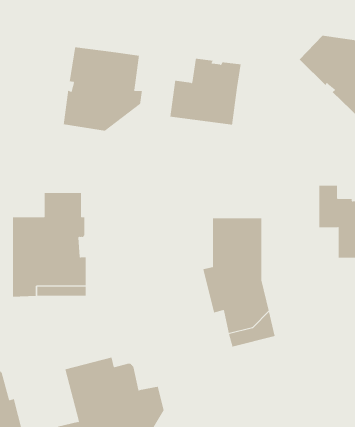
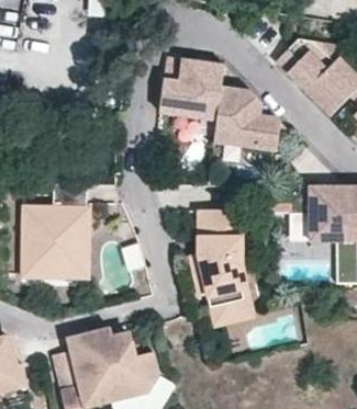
building: [63,46,142,131] -> none
building: none -> [215,87,281,146]

